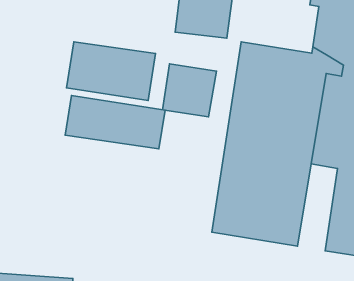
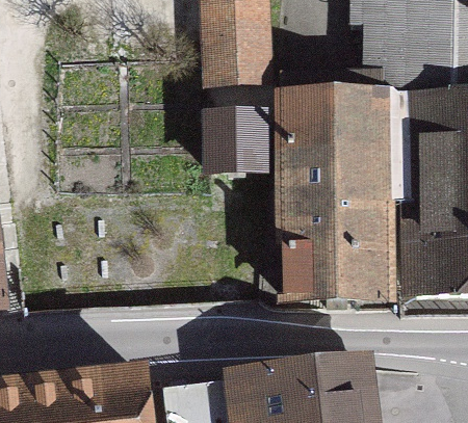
building: [67,42,155,100] -> none
building: [65,96,165,149] -> none

